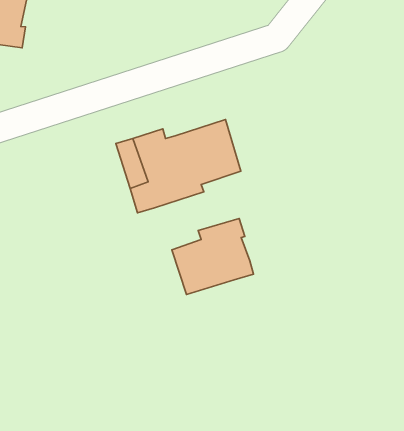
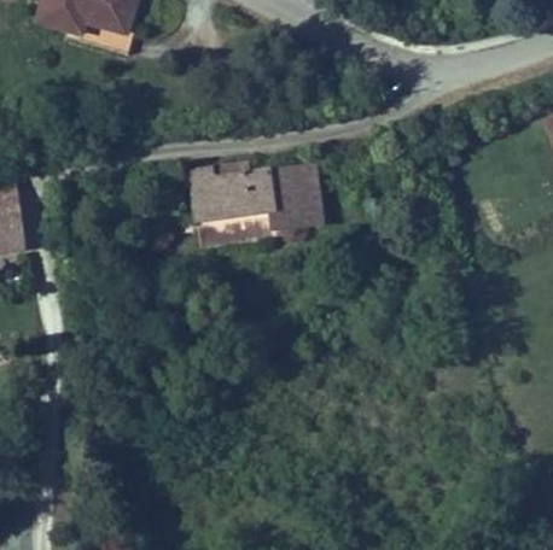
building: [172,218,254,295] -> none

